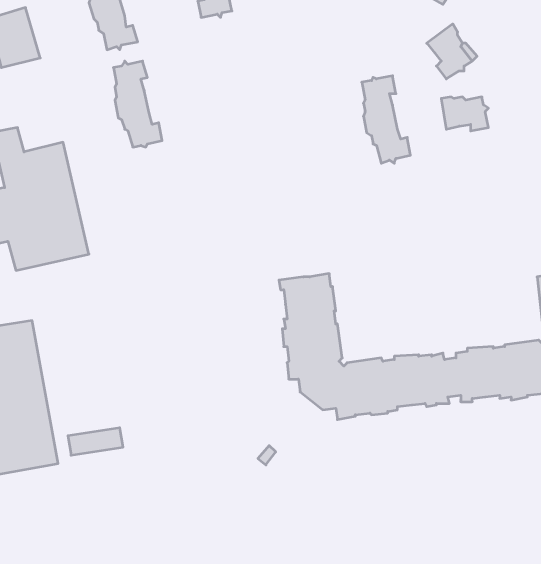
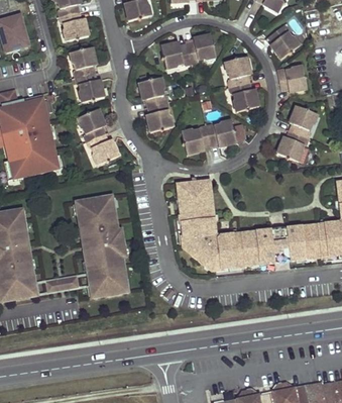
building: none -> [160,34,215,65]
building: none -> [138,78,169,132]
building: none -> [276,105,314,160]
building: none -> [81,109,118,164]
building: none -> [183,123,236,155]
building: none -> [75,195,130,301]

